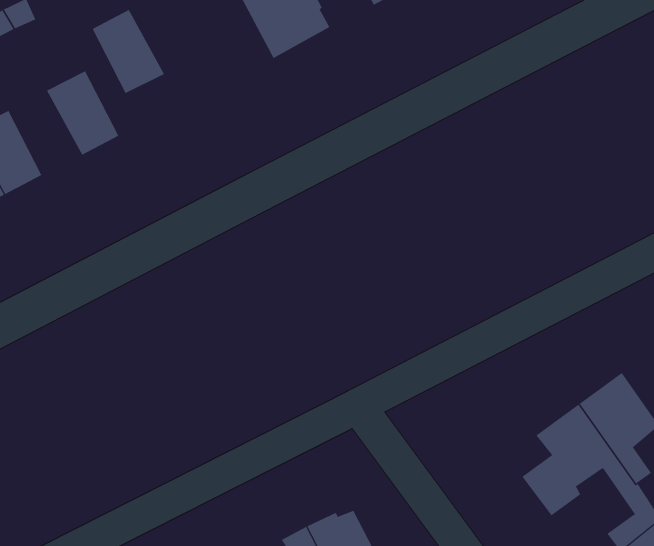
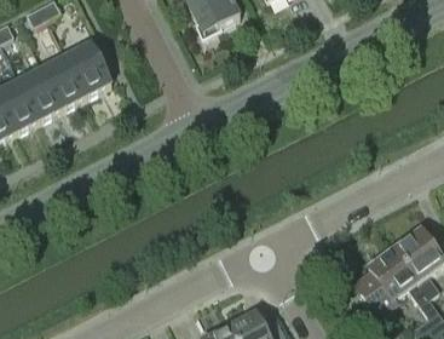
building: [92,9,165,94] -> [44,56,88,108]

